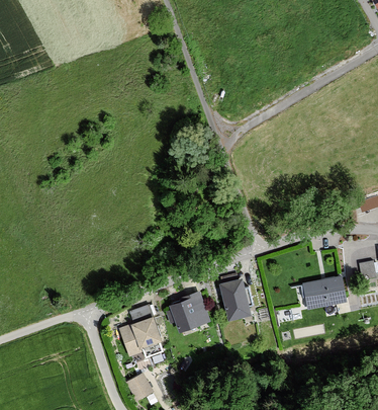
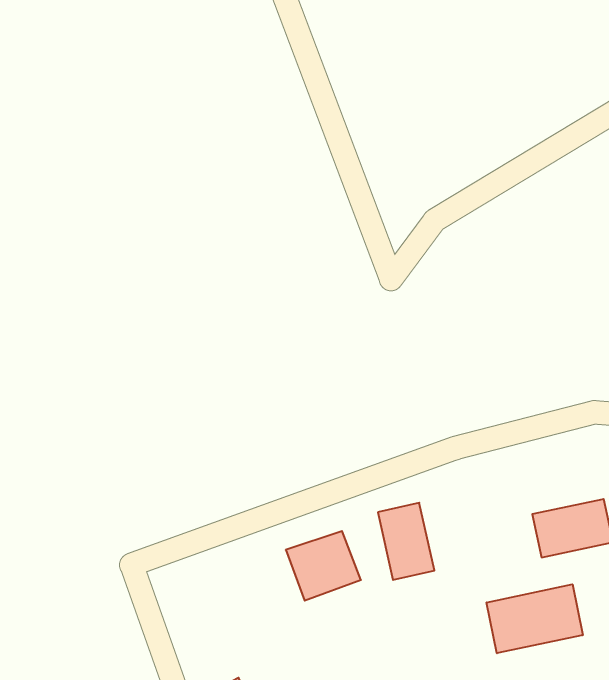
building: [118,317,159,357] -> none
building: none -> [487,584,583,653]

